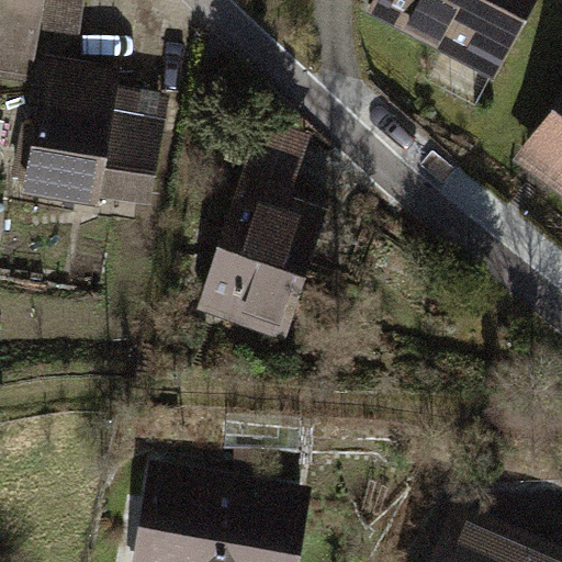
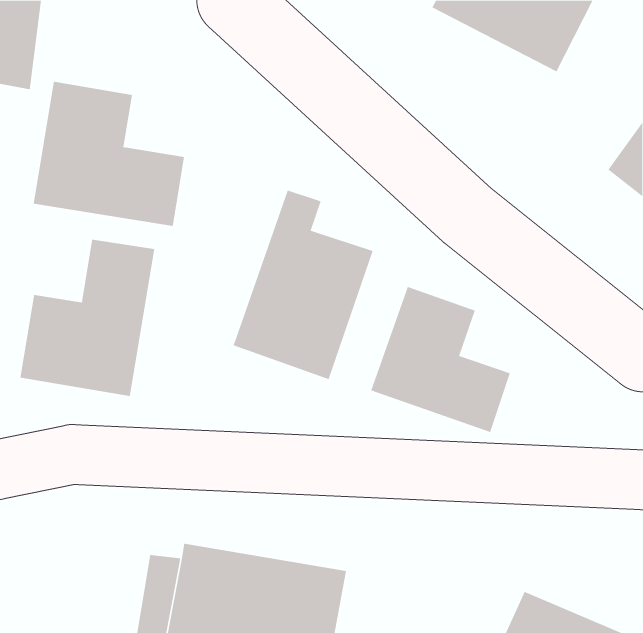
building: none -> [20,239,155,397]
building: none -> [371,286,511,433]

